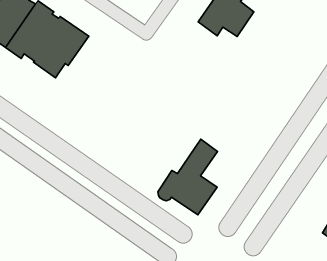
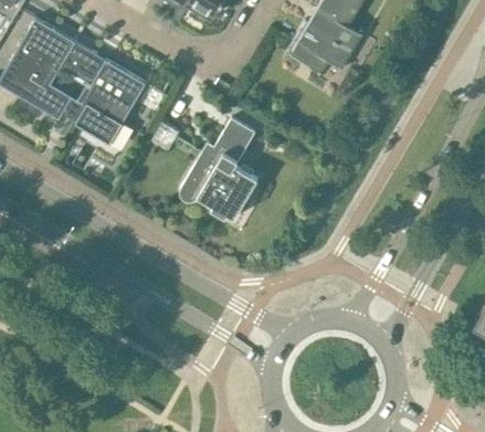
building: [158,139,217,215] -> [179,118,257,219]

